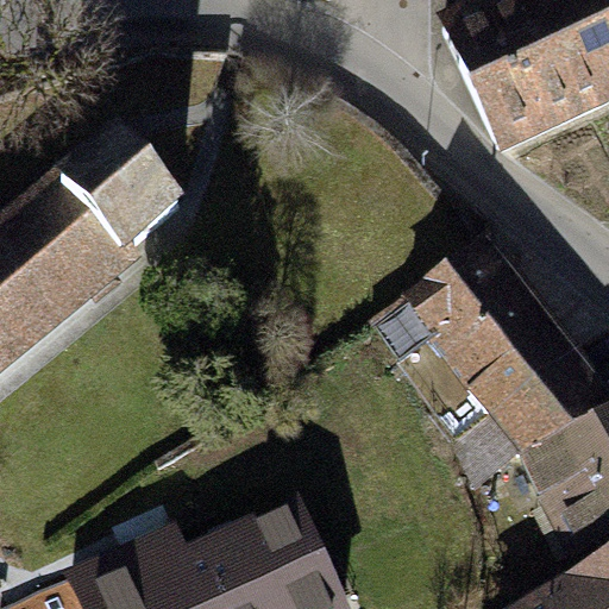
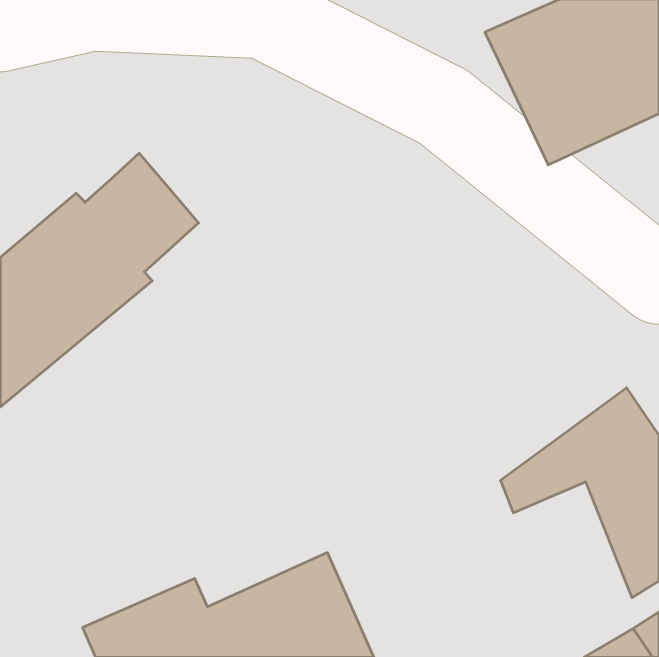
building: [379,250,578,444] -> none

